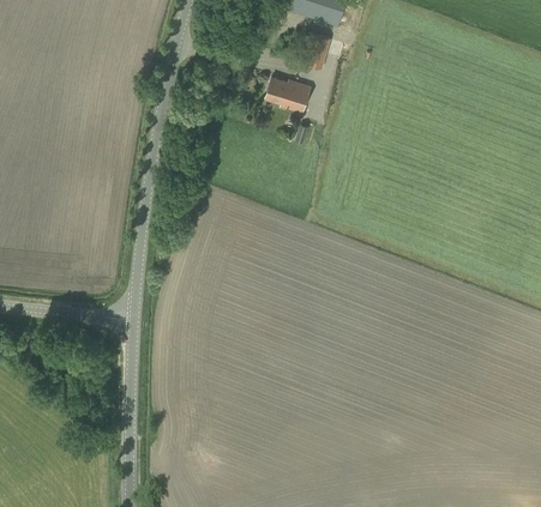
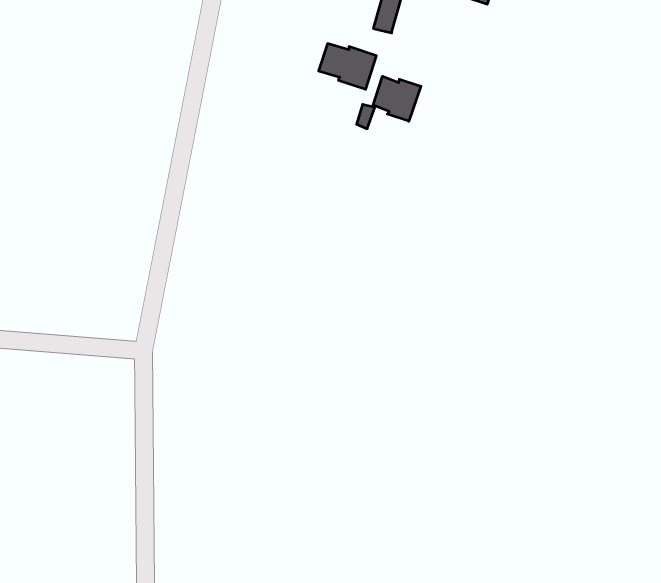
building: none -> [373,76,421,121]

